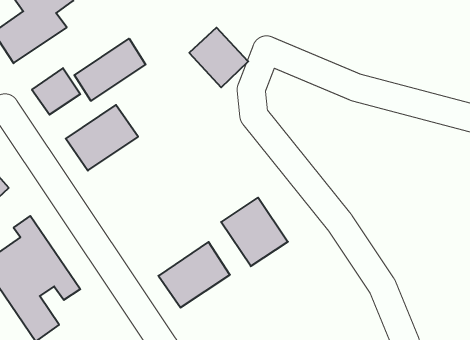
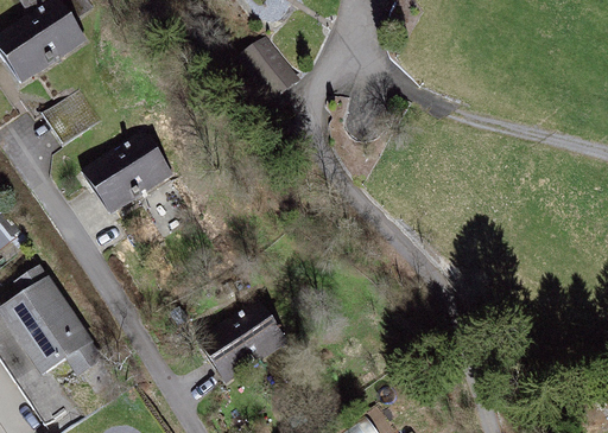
building: [74,39,146,101] -> none
building: [221,198,288,266] -> none

